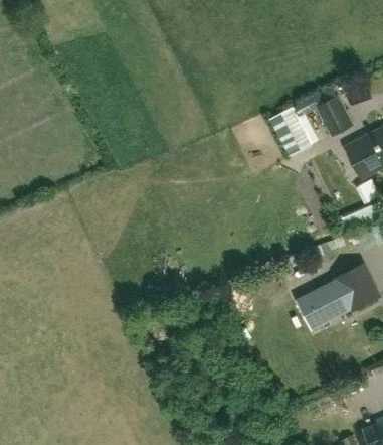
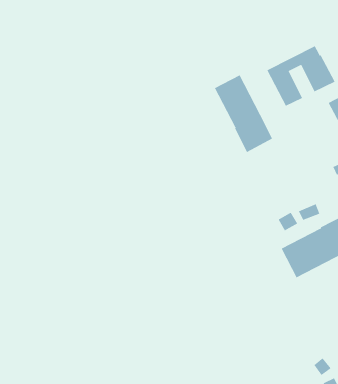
building: none -> [214,75,273,153]

